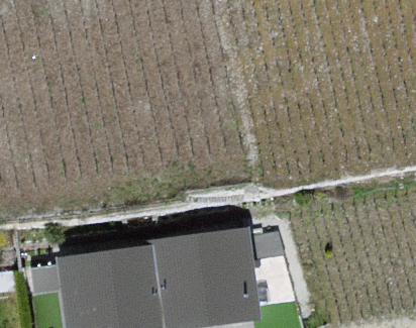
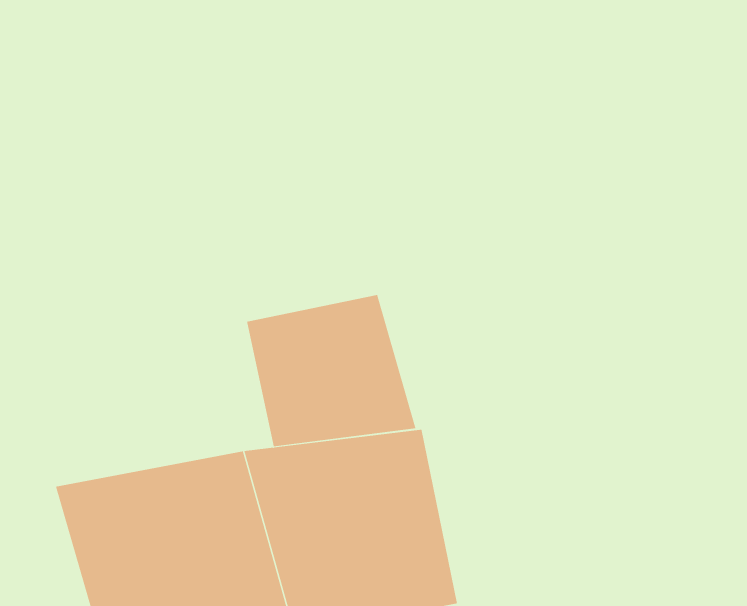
building: none -> [247,294,416,447]

